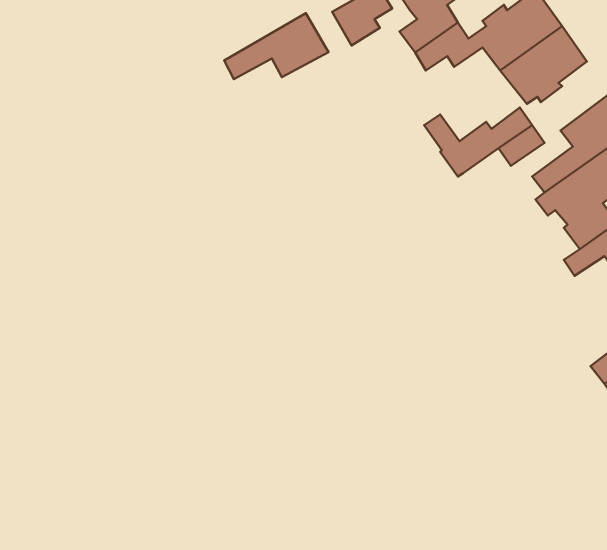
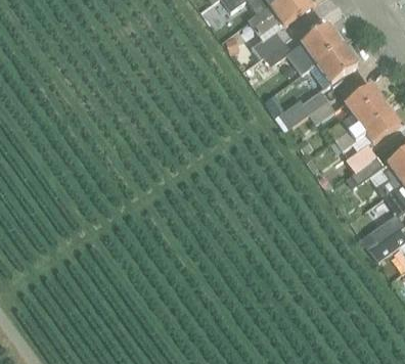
building: [224,13,328,79] -> none

